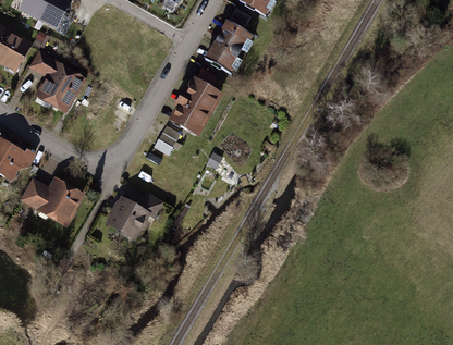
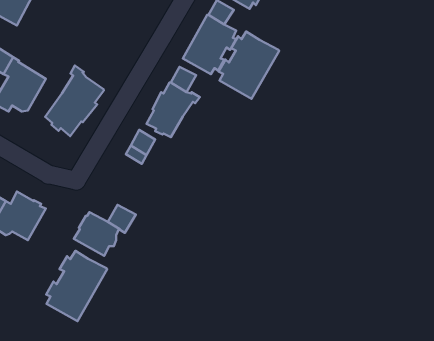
building: none -> [219,32,279,99]
building: none -> [45,65,104,136]
building: none -> [46,251,107,321]

